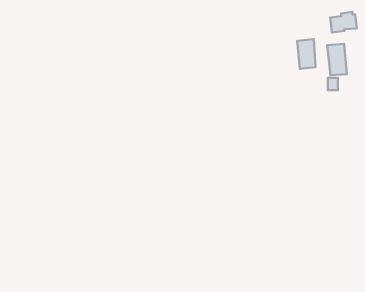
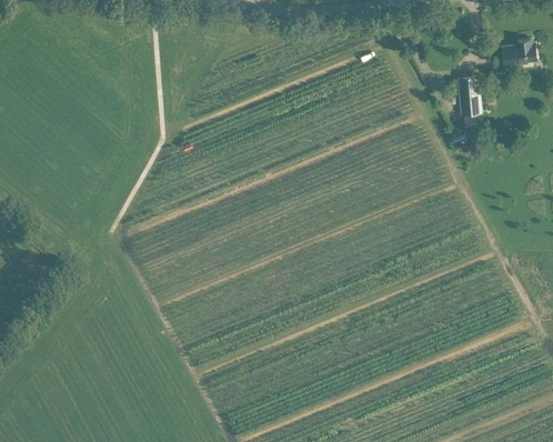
building: [327,44,347,75] -> none

